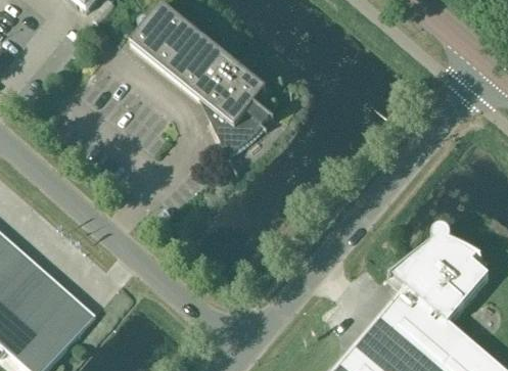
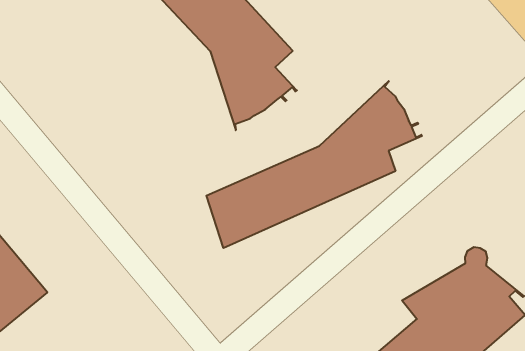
building: none -> [206,81,422,248]

